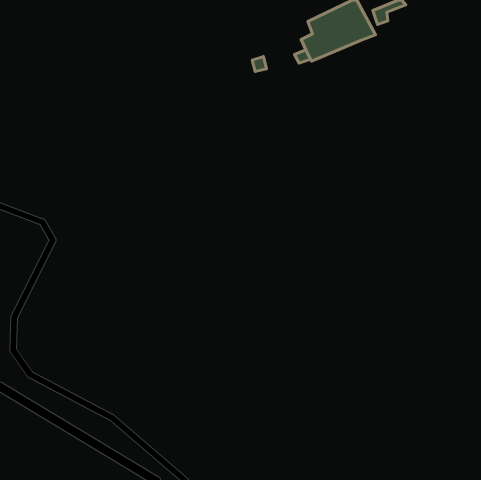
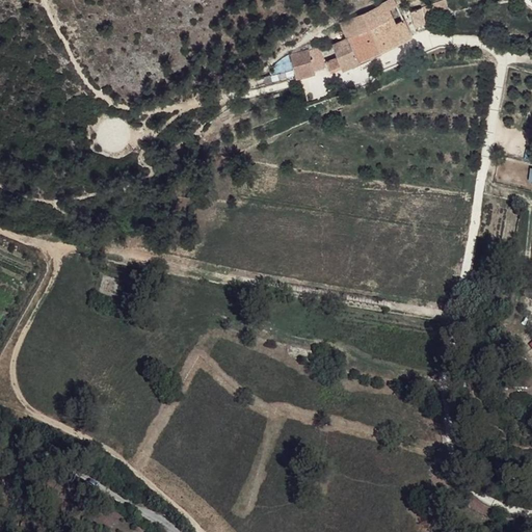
building: none -> [291,47,315,79]

